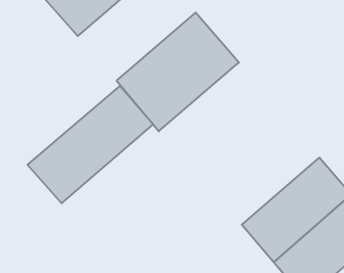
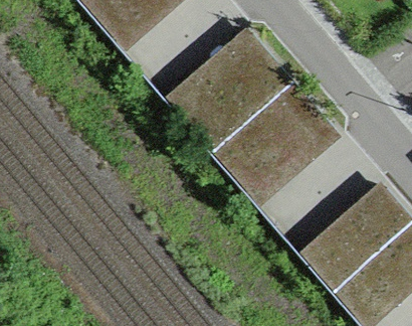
building: none -> [210,77,342,206]
building: [28,86,153,203] -> none

